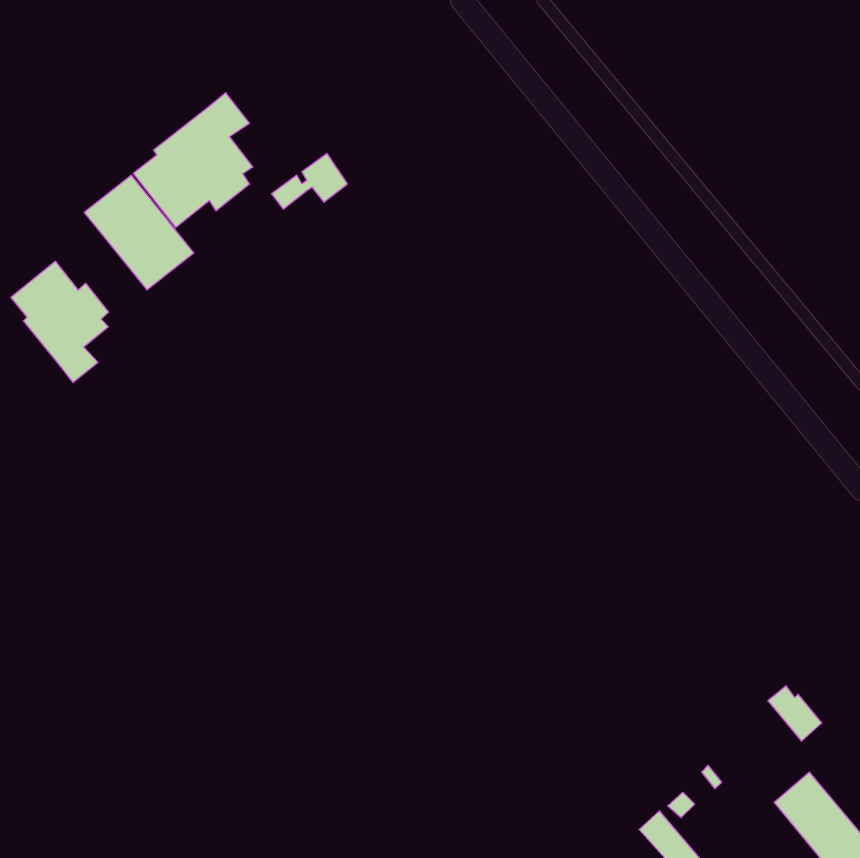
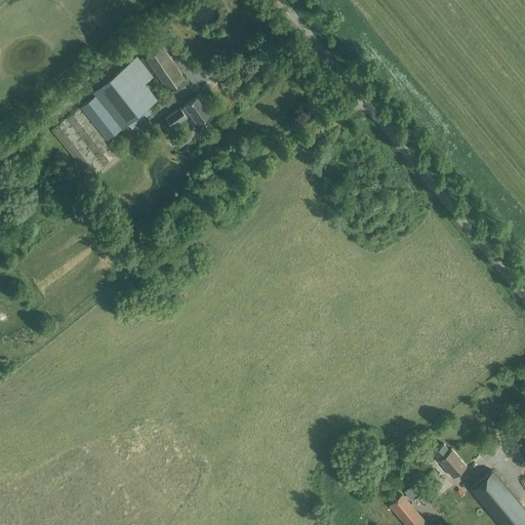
building: none -> [142,40,187,93]
building: [11,261,109,383] -> none
building: [768,686,822,741] -> [434,445,467,479]

